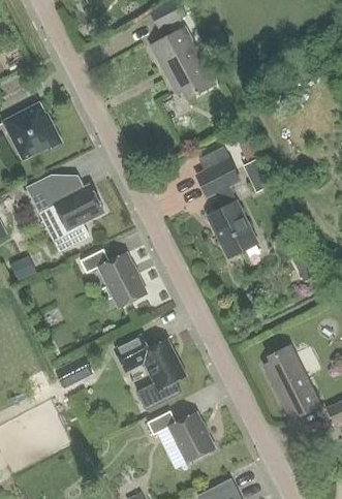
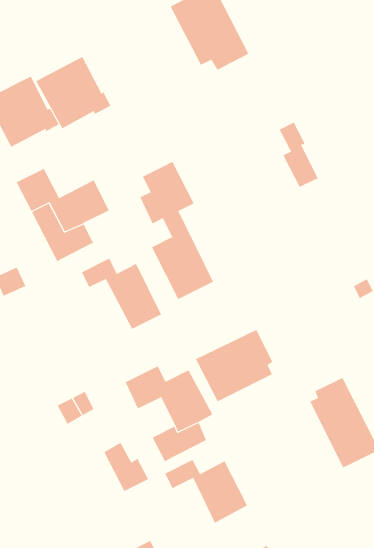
building: none -> [36,56,111,129]
building: [196,147,256,258] -> [139,161,214,300]
building: none -> [195,329,273,402]
building: none -> [104,442,149,492]

